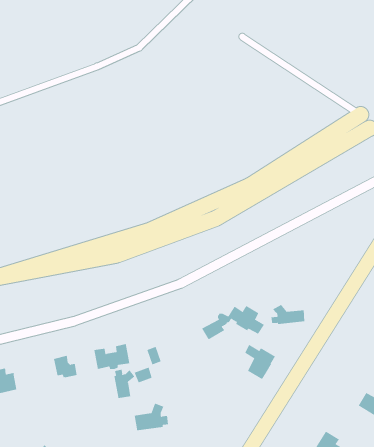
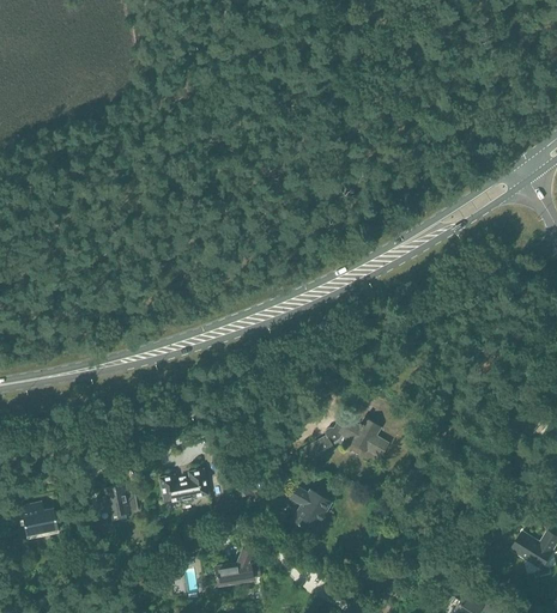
building: [271,304,305,325] -> none
building: [245,344,276,380] -> [289,486,331,534]
building: [114,369,135,399] -> none

